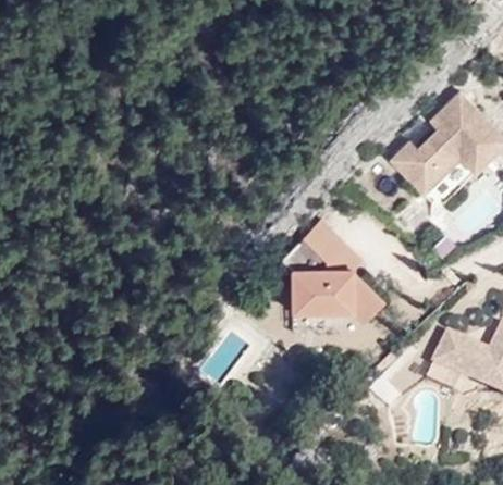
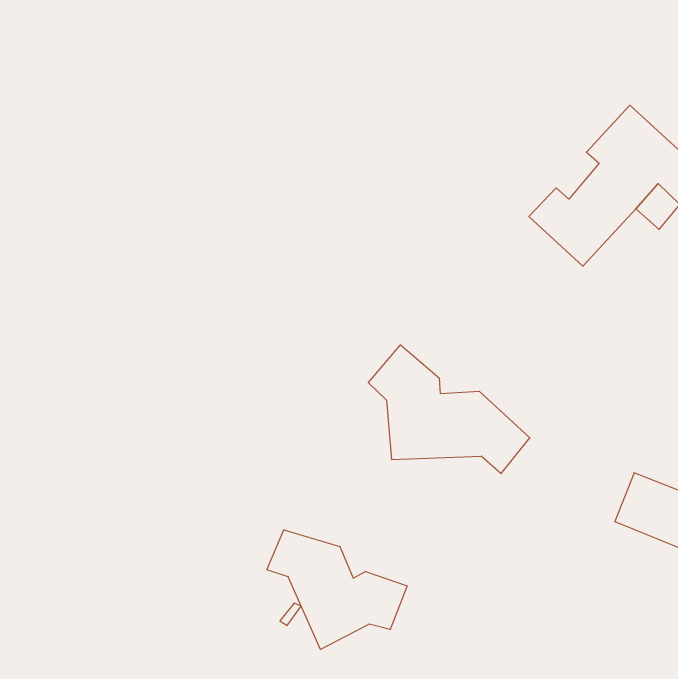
building: [304,222,361,271] -> none
building: none -> [267,530,407,649]

